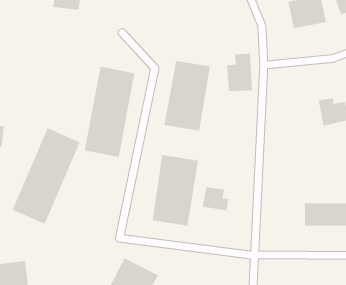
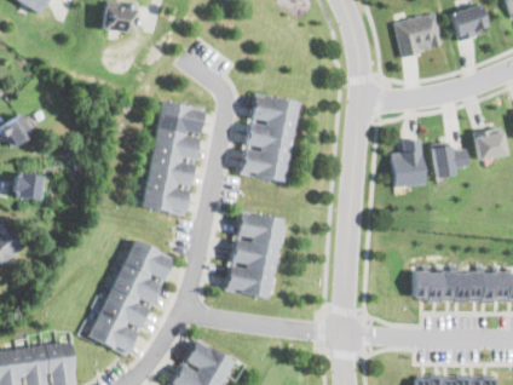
building: [226,53,253,92] -> [392,138,425,185]
building: [12,127,81,225] -> [88,239,173,358]
building: [202,186,229,211] -> none

